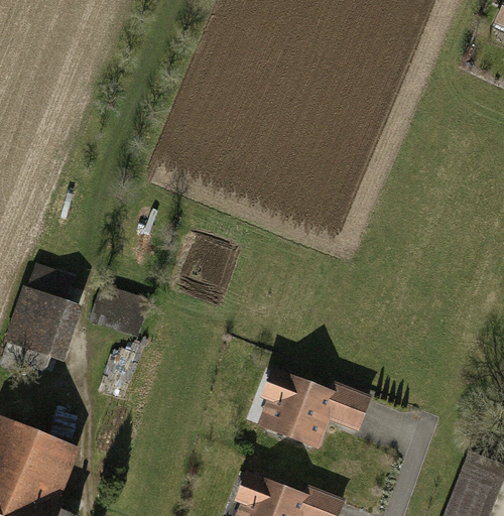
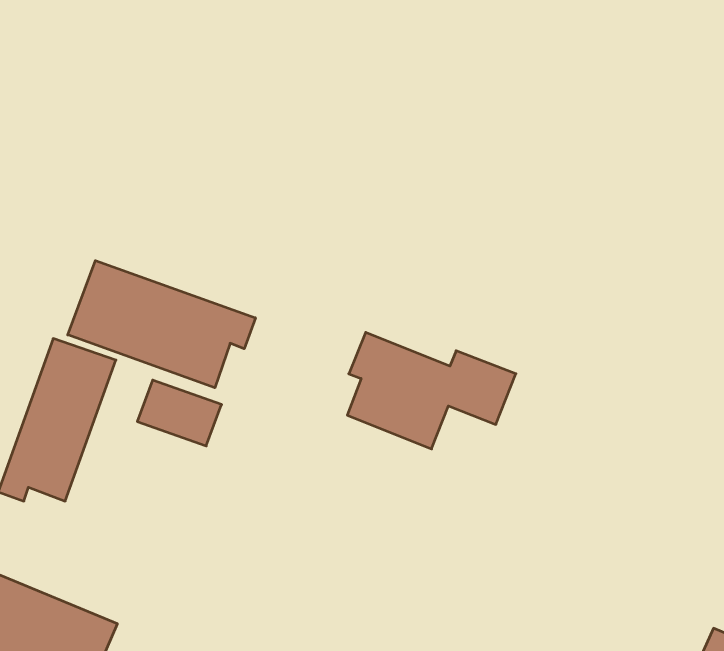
building: none -> [68,261,255,388]
building: [259,368,370,444] -> [347,332,516,449]

